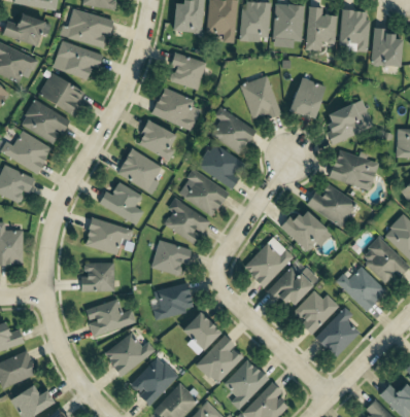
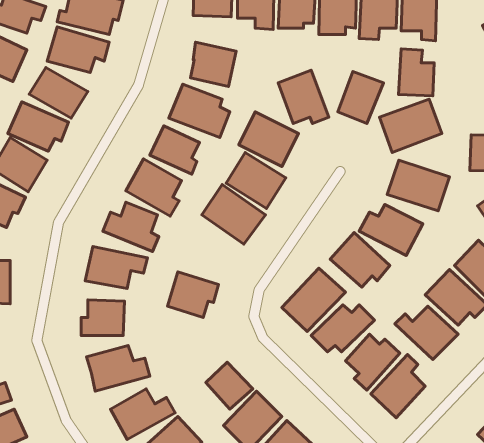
building: [371,27,400,65] -> [398,49,434,96]
building: [164,198,210,244] -> none
building: [152,282,194,319] -> none

